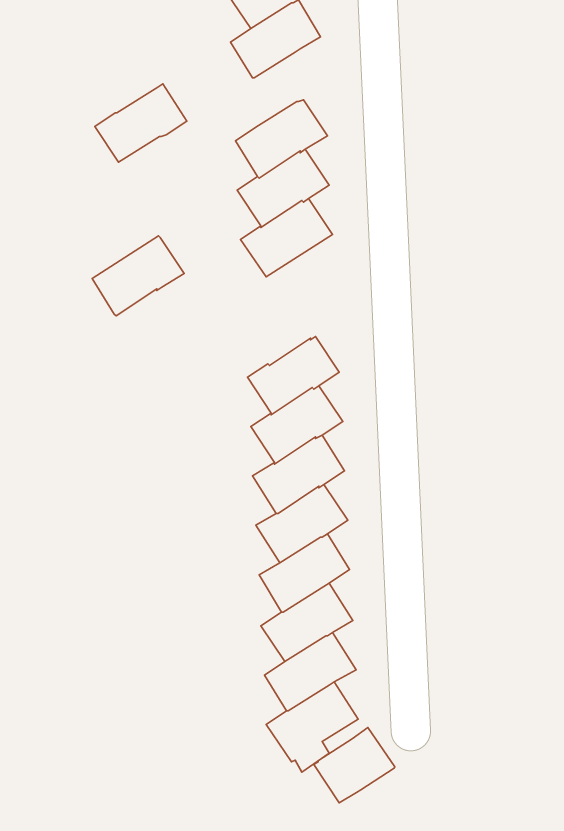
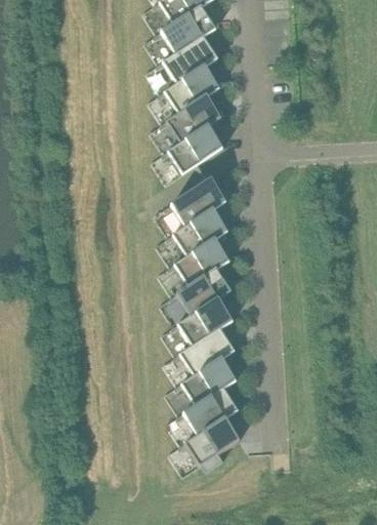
building: [95,84,187,162] -> [163,35,218,82]
building: [92,236,184,316] -> [171,177,226,226]
building: [314,728,395,803] -> none

